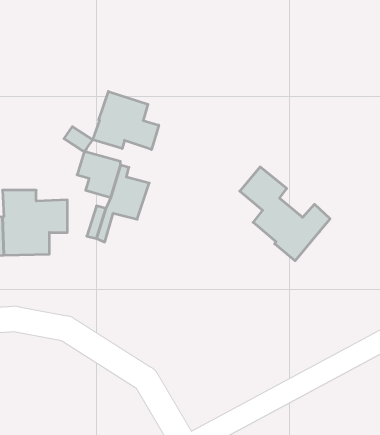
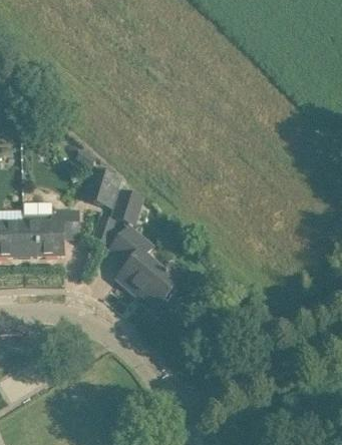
building: [93,91,159,150] -> none
building: [240,167,330,261] -> [110,229,186,307]

